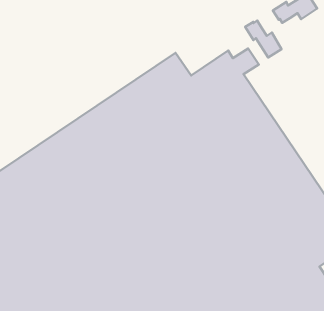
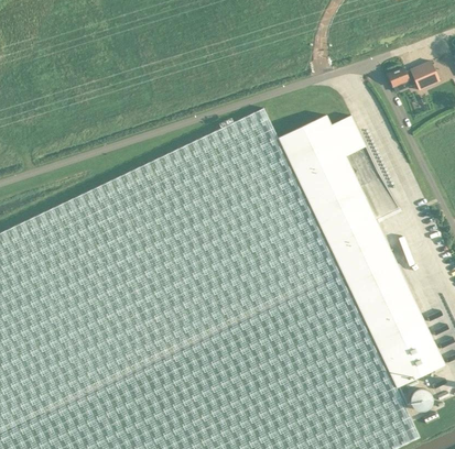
building: [245,21,282,57] -> none

